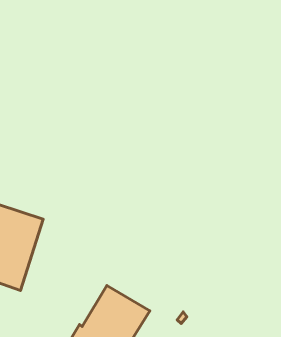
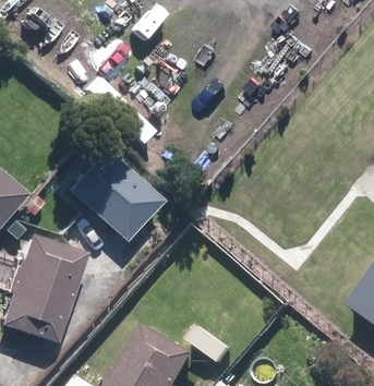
building: none -> [69,158,143,232]

